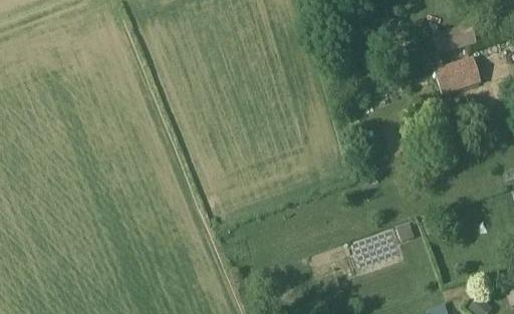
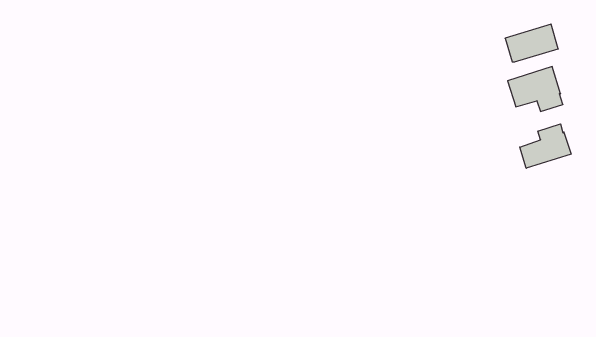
building: none -> [520,124,571,168]

